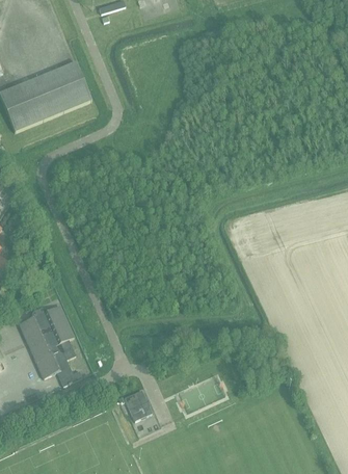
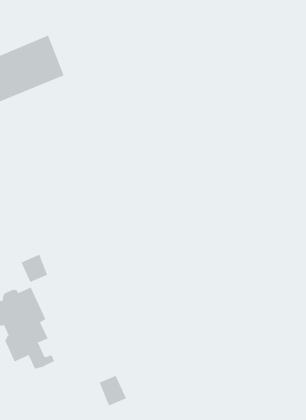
building: none -> [21,254,48,283]

